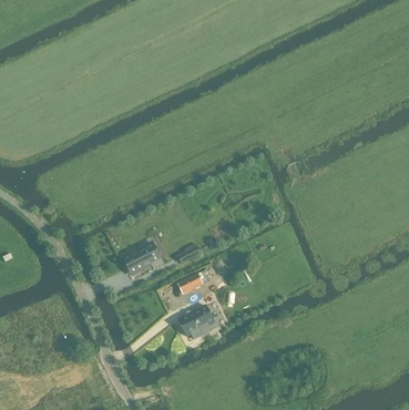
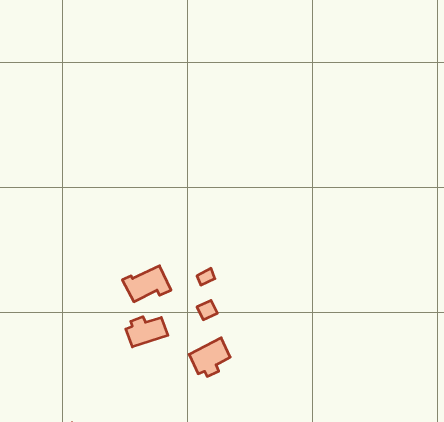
building: none -> [126,317,168,347]

